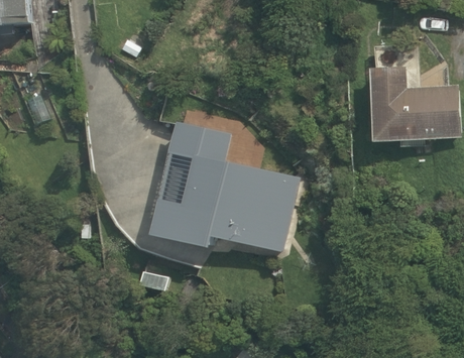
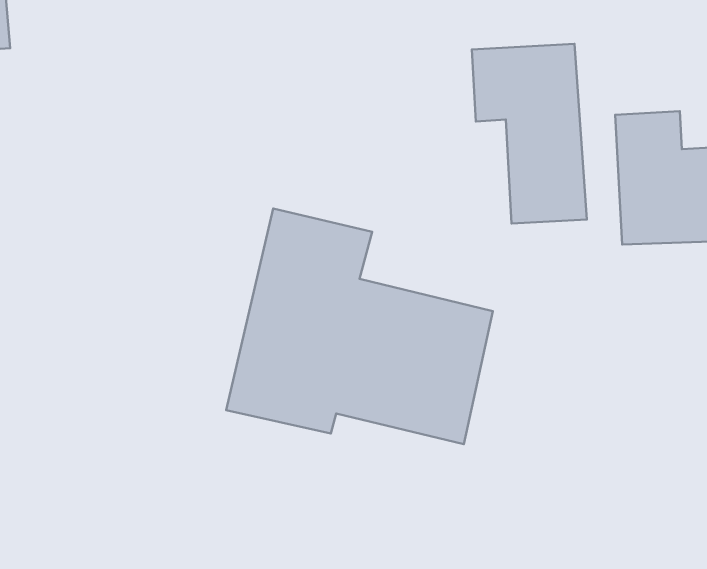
building: none -> [472,44,587,224]

